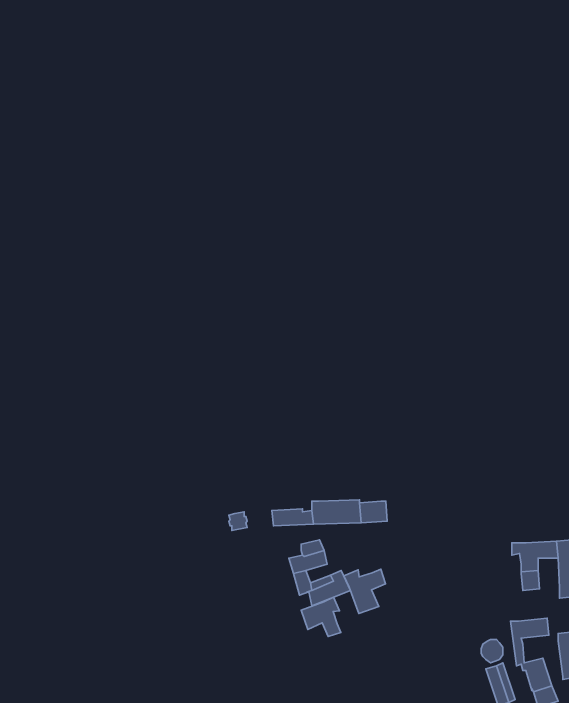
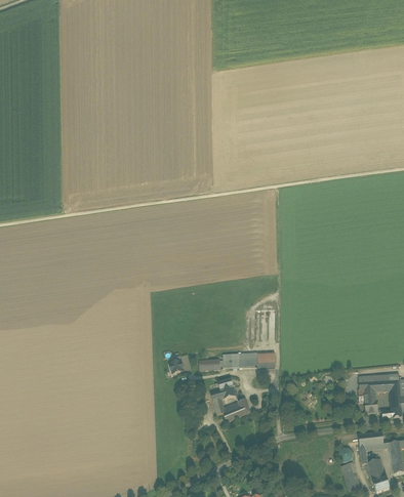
building: [344,569,386,613] -> none
building: [301,597,341,636] -> none

